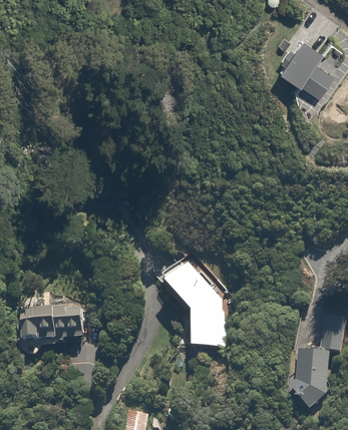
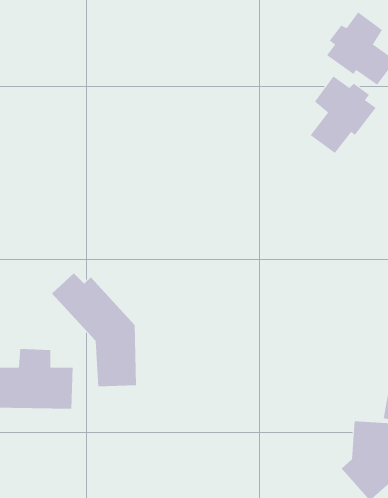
building: none -> [310,76,376,154]
building: [159,260,225,347] -> [51,272,137,387]

